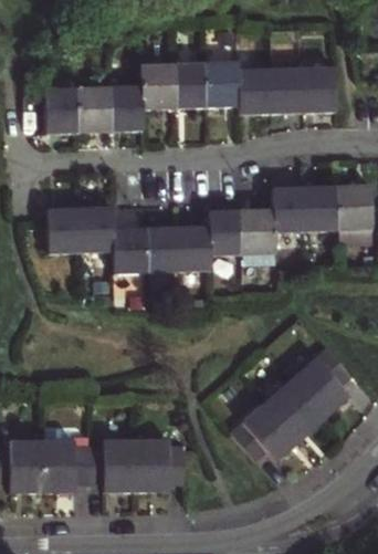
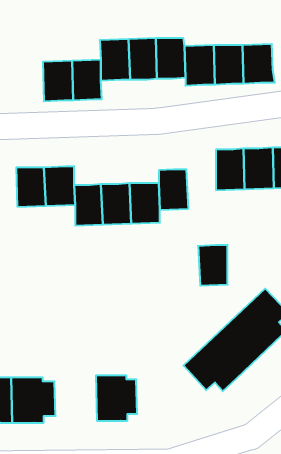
building: [44,88,78,134] -> none
building: [239,208,272,253] -> [198,245,228,285]
building: [91,439,138,491] -> none

